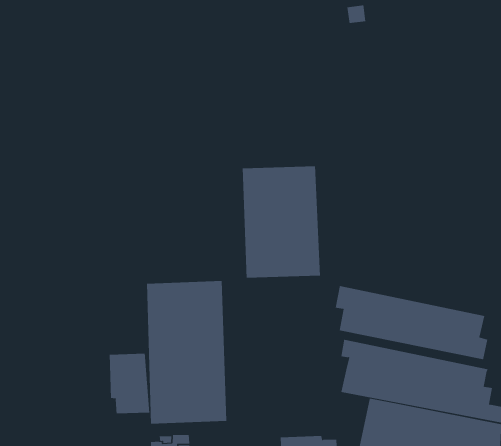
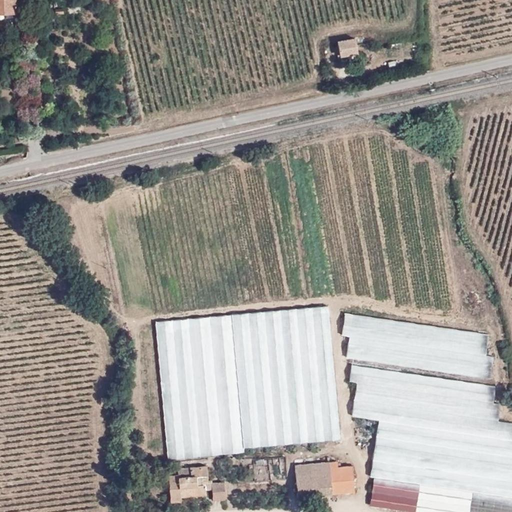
building: [242,166,321,279] -> none
building: none -> [238,309,339,450]
building: [109,353,150,414] -> none

